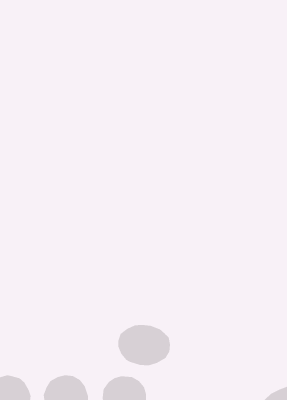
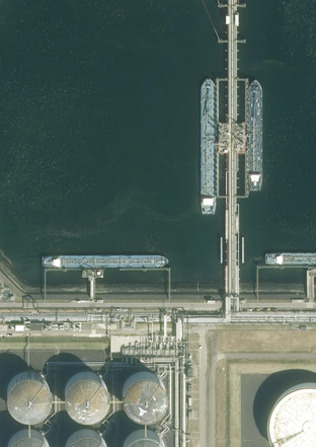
building: [117,324,171,366] -> none

